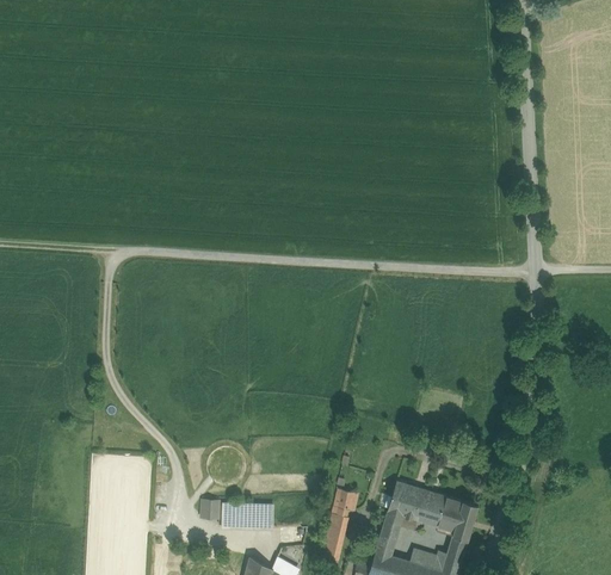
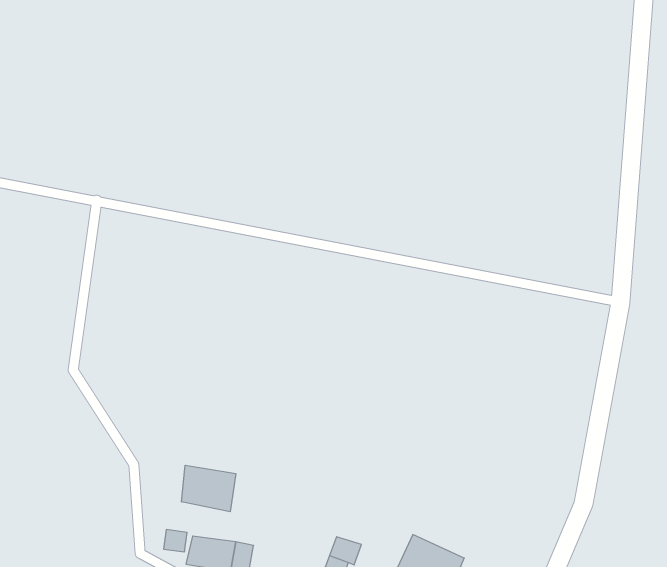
building: none -> [182,465,236,512]

